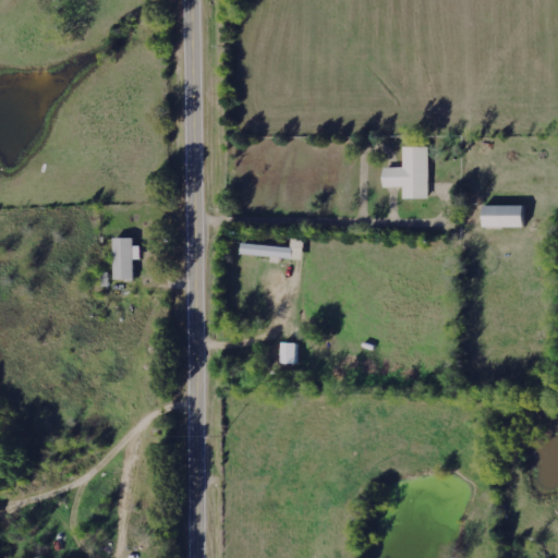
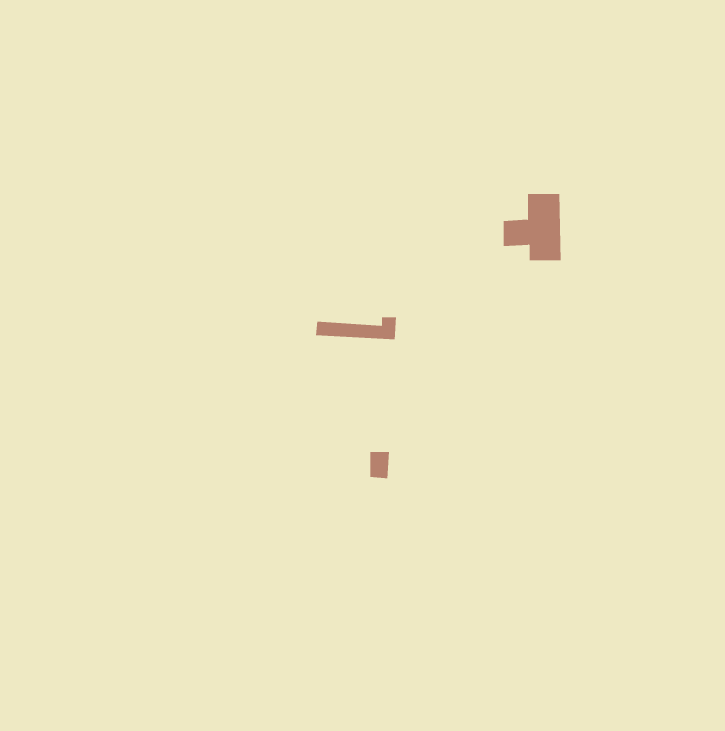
building: [483,206,524,228] -> none
building: [112,238,138,279] -> none

